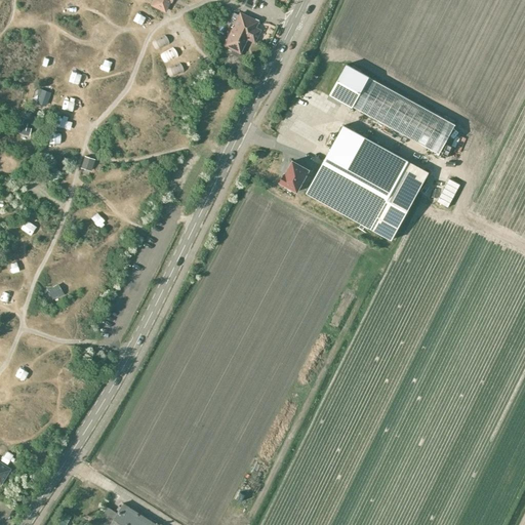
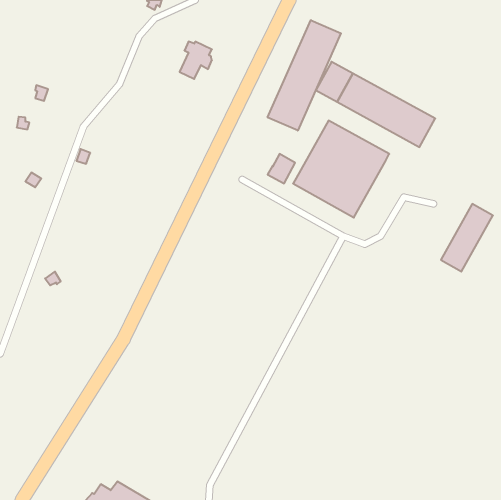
building: [224,14,257,53] -> [180,42,212,79]
building: none -> [268,20,341,131]
building: [370,170,425,241] -> [441,204,493,272]

